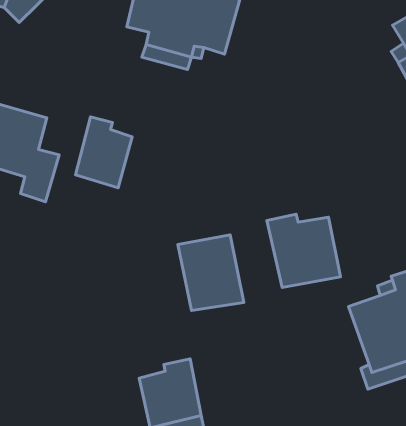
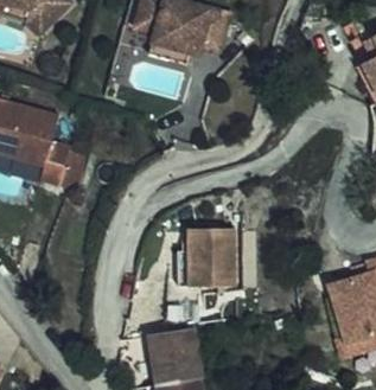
building: [76,117,132,188] -> none
building: [267,214,341,287] -> none

